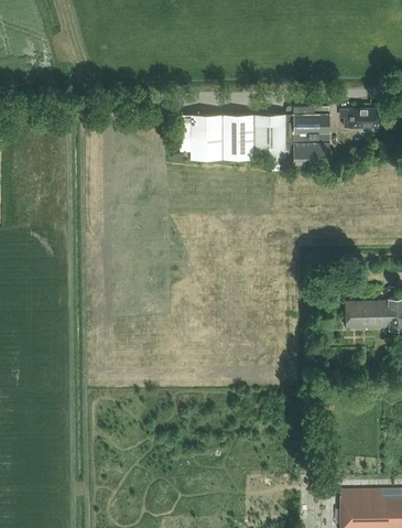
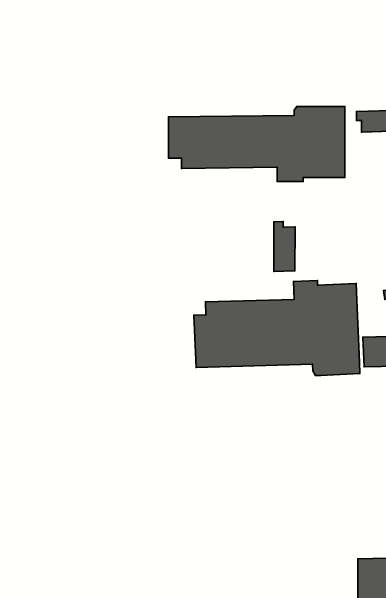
building: none -> [274,222,295,272]
building: none -> [194,280,360,376]

